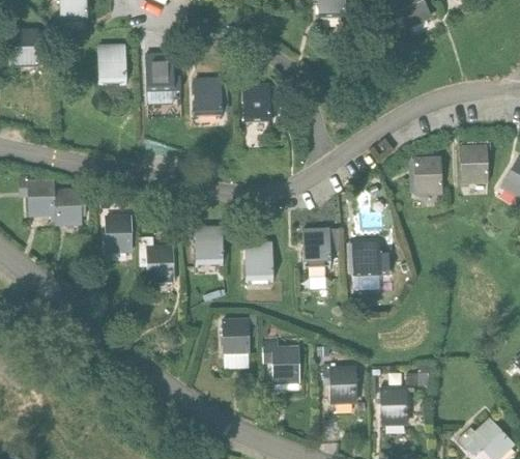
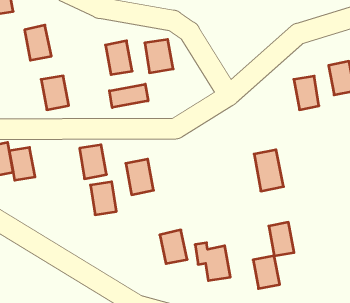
building: [143,51,172,89] -> [41,76,69,110]
building: none -> [109,84,148,108]
building: [104,216,132,254] -> [80,145,107,179]
building: [302,228,333,267] -> none
building: [244,241,273,283] -> none
building: [384,390,410,428] -> [269,222,294,256]

